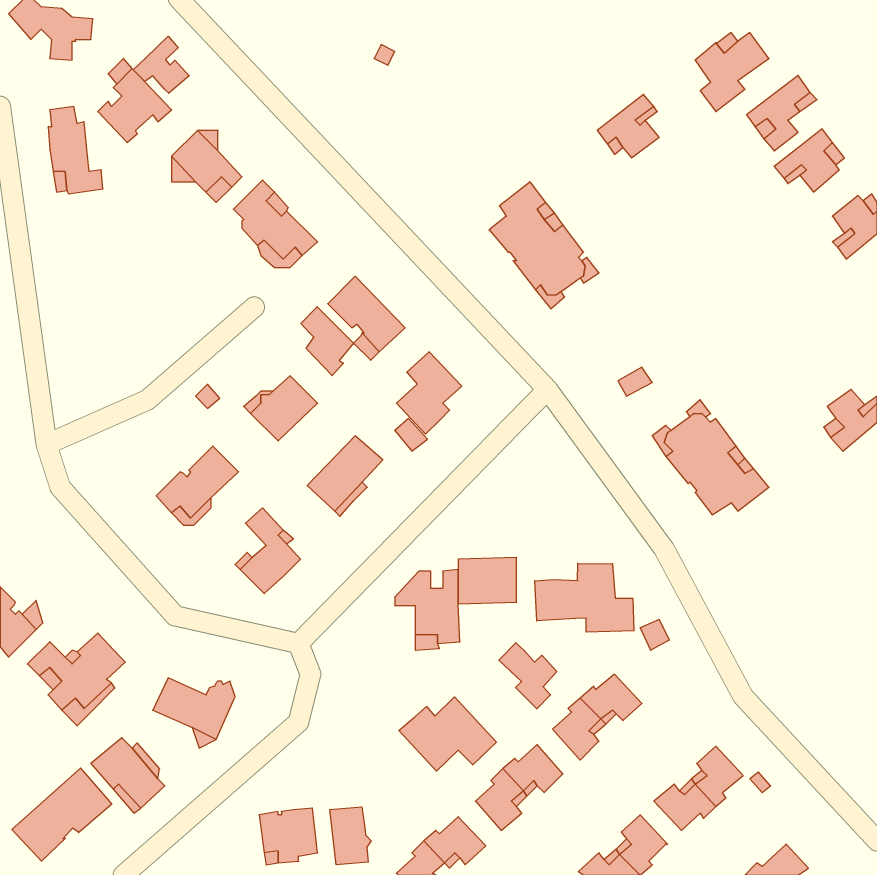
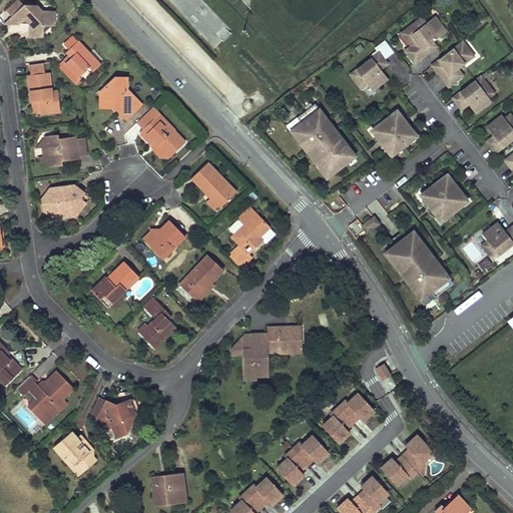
building: [133,36,189,93] -> none
building: none -> [370,117,408,155]
building: none -> [43,134,86,165]
building: [301,307,354,376] -> none
building: none -> [422,183,461,221]
building: none -> [42,184,85,217]
building: [535,563,634,632] -> none
building: [499,643,557,709] -> none
building: [399,697,496,771] -> none
building: [12,768,112,861] -> none
building: [330,807,371,865] -> none

